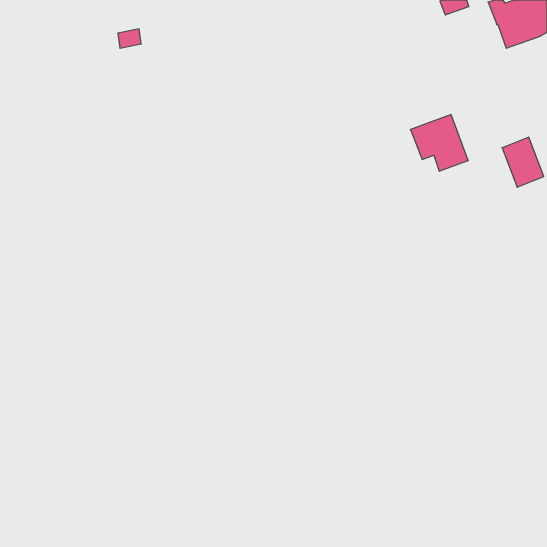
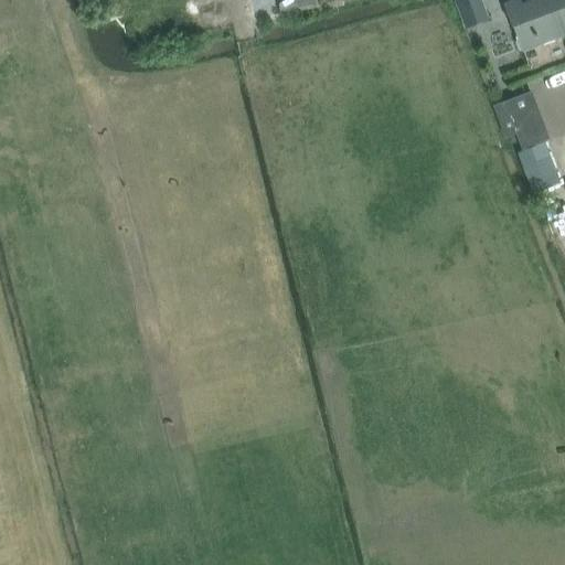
building: [410,115,468,171] -> [492,90,552,149]

